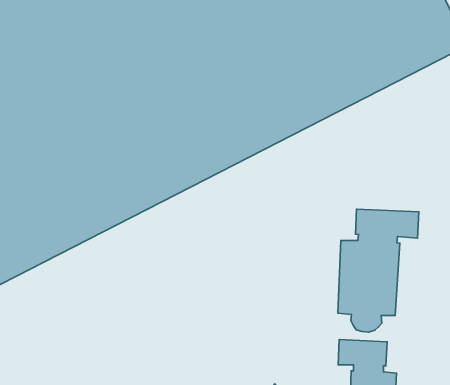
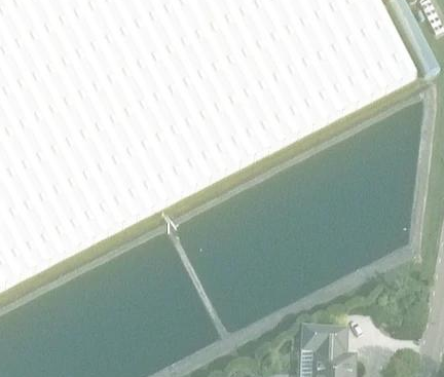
building: [338,209,419,332] -> none

